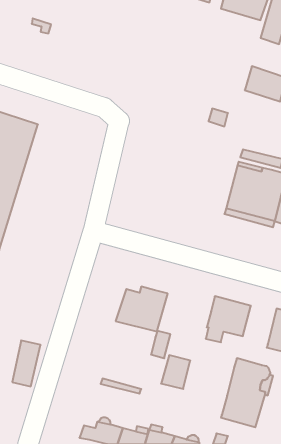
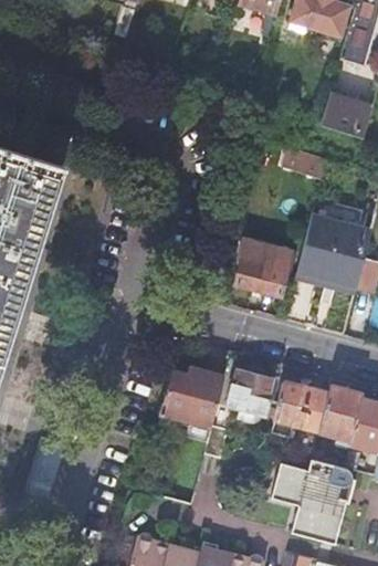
building: none -> [237,244,293,295]
building: none -> [227,370,274,417]
building: none -> [318,384,361,440]
building: [161,355,190,389] -> [271,462,307,504]

